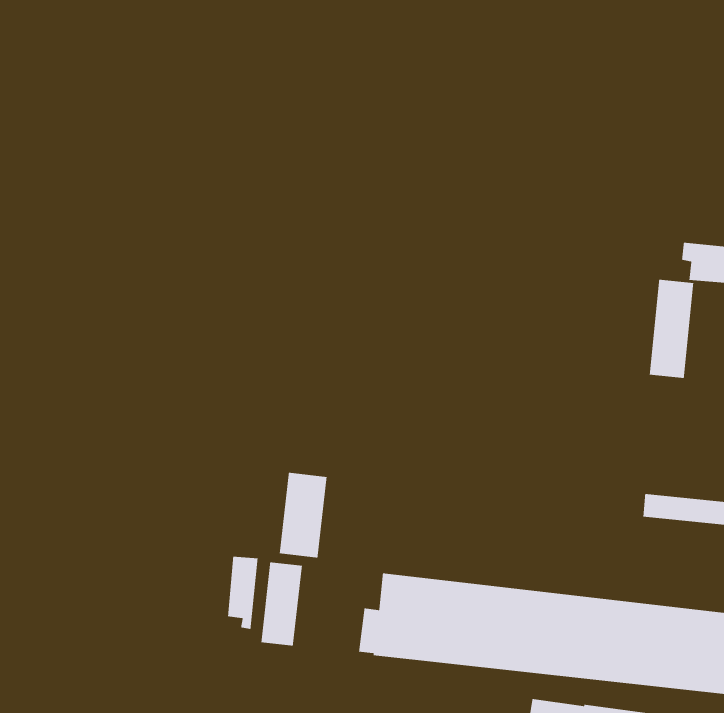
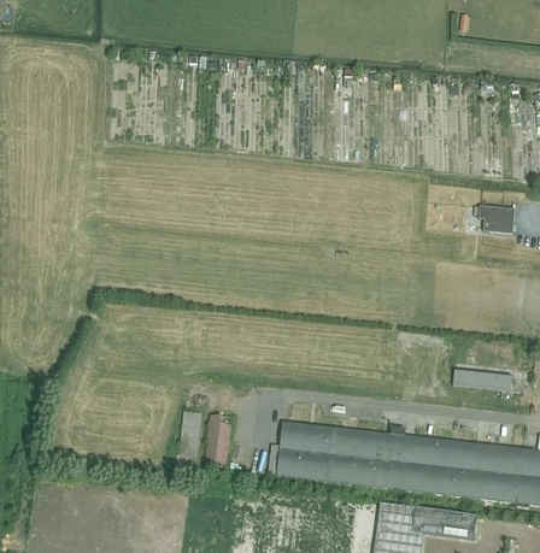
building: [649,279,694,379] -> none
building: [279,472,328,559] -> none

